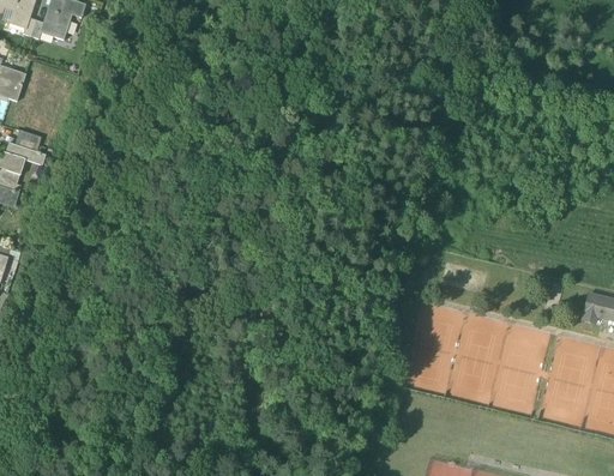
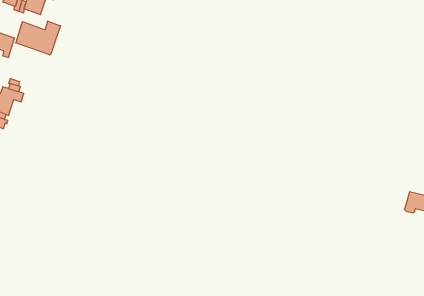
building: none -> [15,21,61,55]

